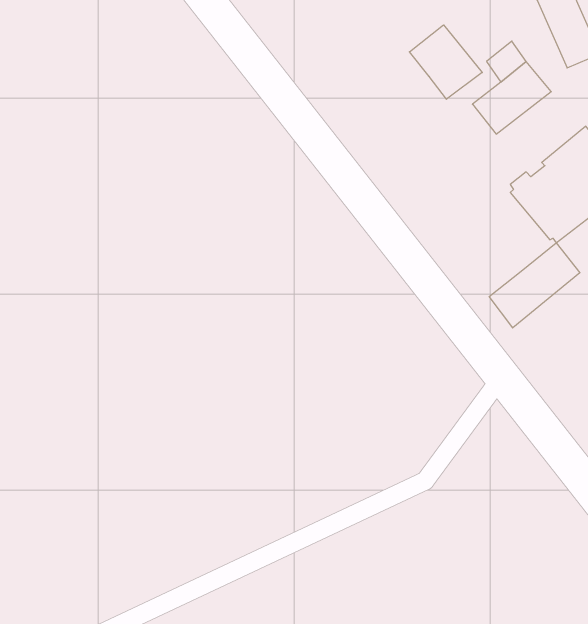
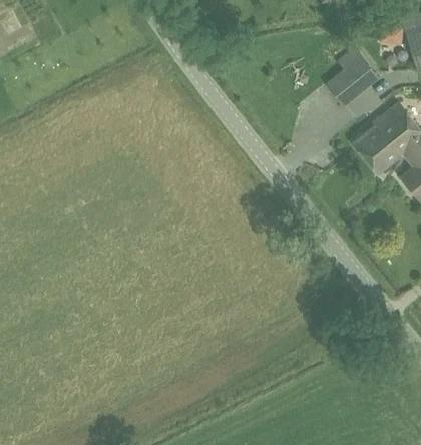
building: [409,25,482,99] -> none
building: [489,243,580,328] -> none

